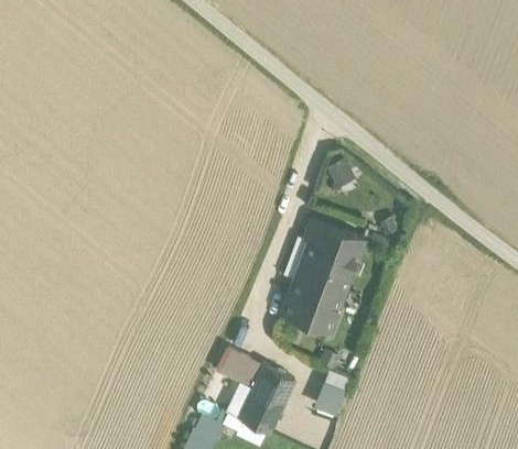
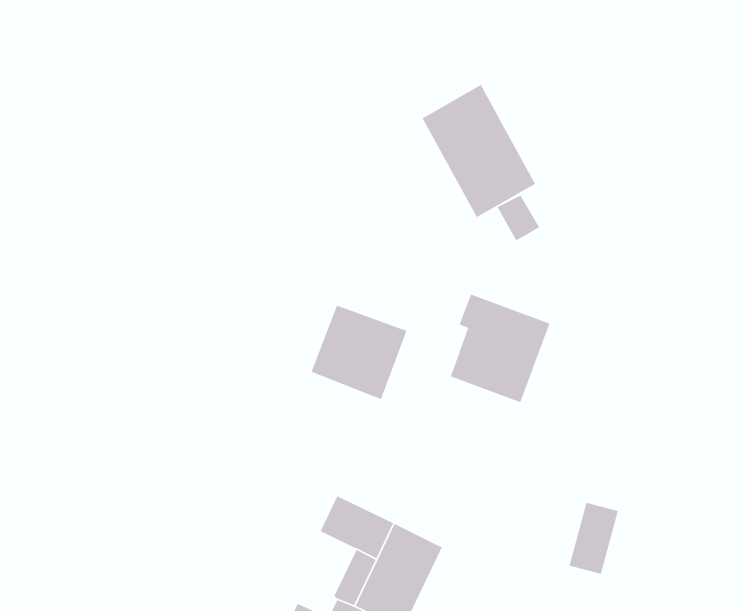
building: none -> [421,84,536,218]
building: [283,274,345,335] -> [310,305,408,400]
building: [314,371,346,417] -> [569,502,619,575]

